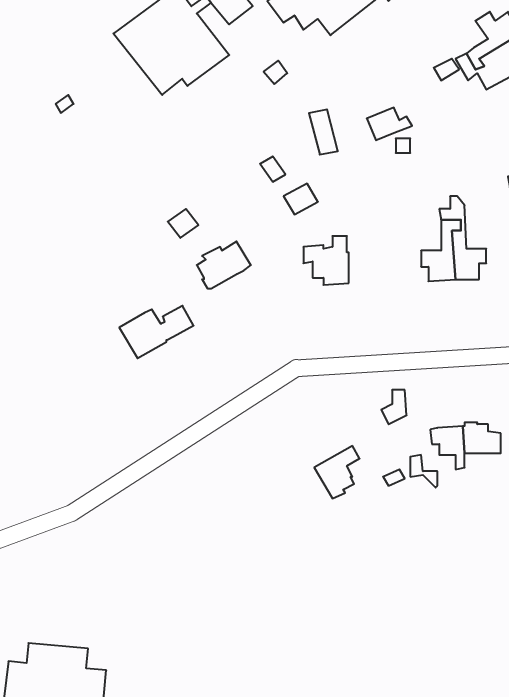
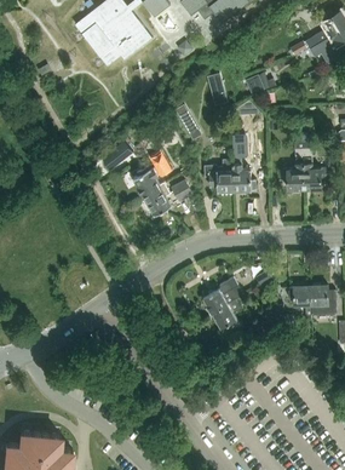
building: none -> [232,148,255,194]
building: [119,306,194,358] -> [142,180,191,216]
building: none -> [202,277,243,316]

